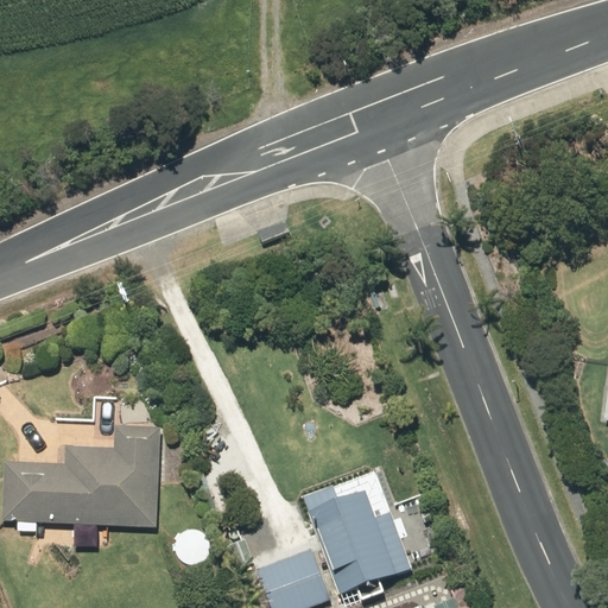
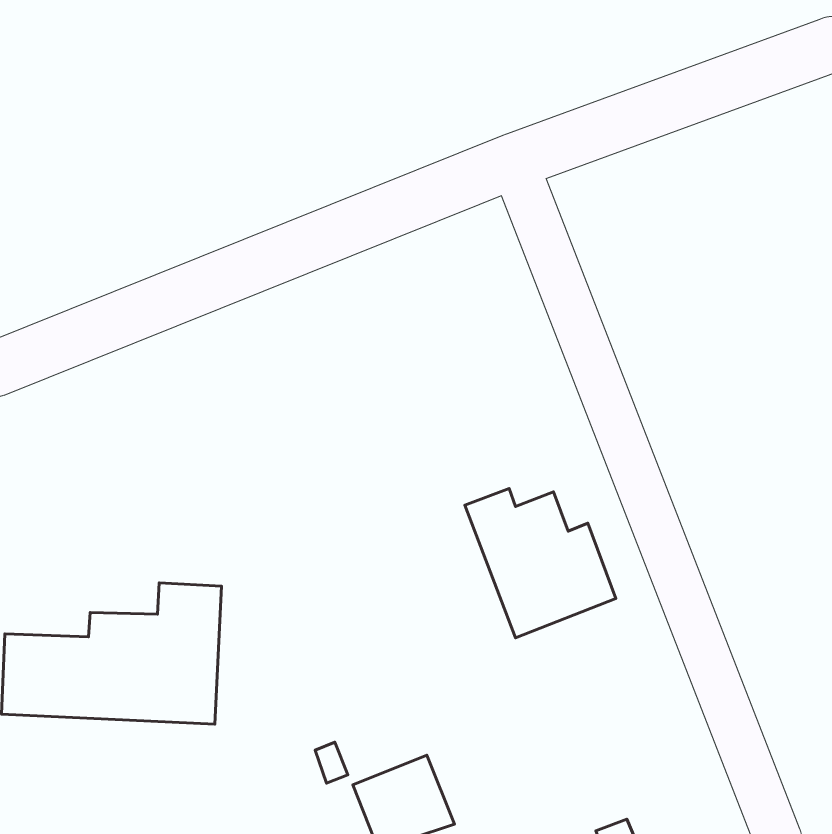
building: [302,483,411,591] -> [465,489,616,638]

